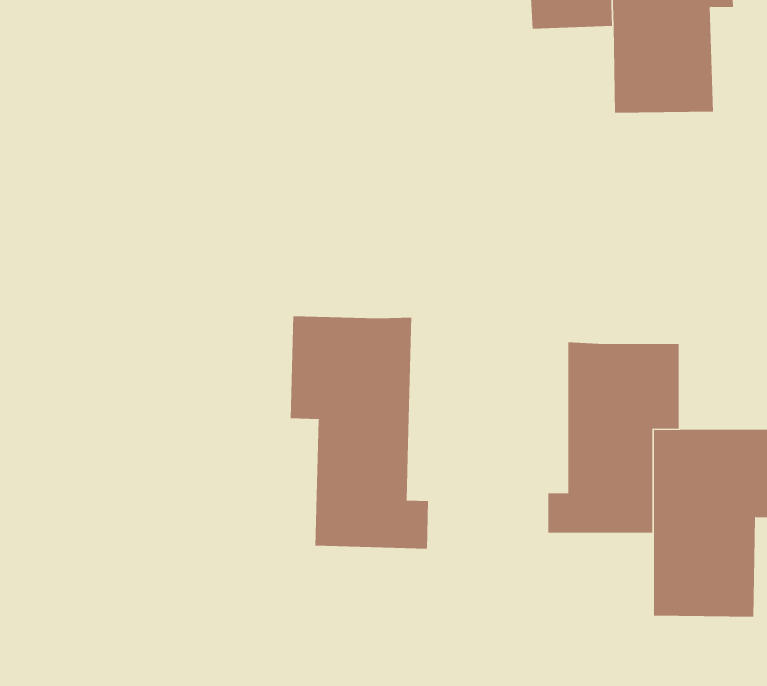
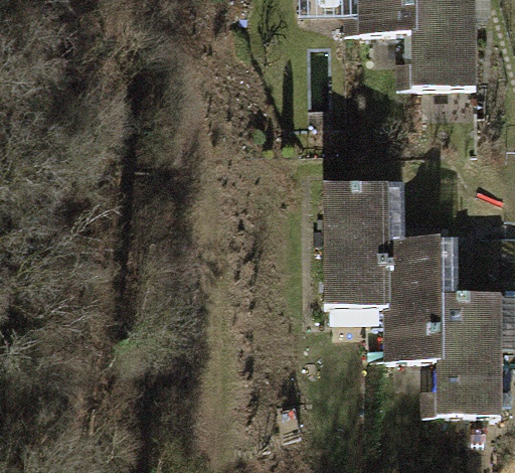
building: none -> [322,182,402,304]
building: [290,315,429,549] -> none

